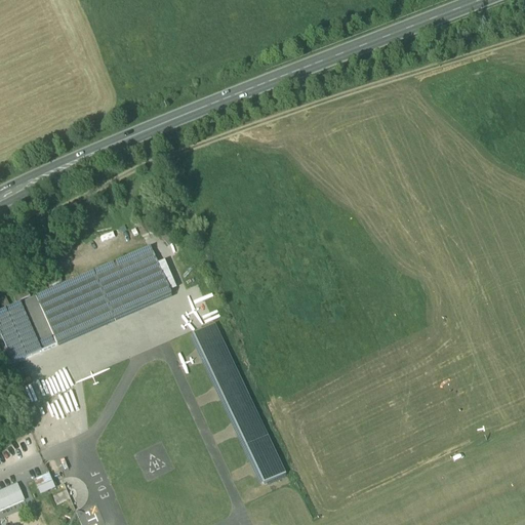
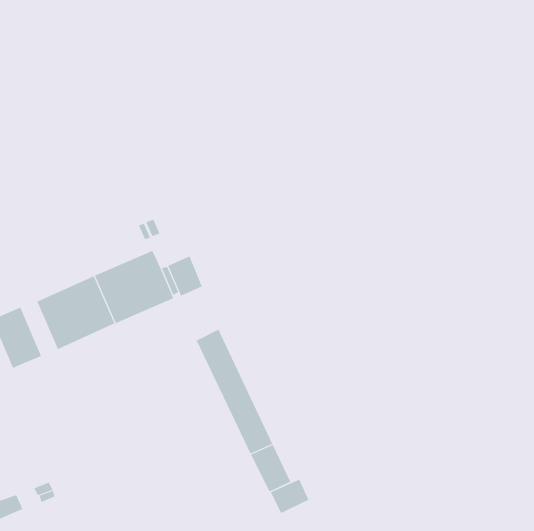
building: none -> [167,255,203,296]
building: [21,294,56,349] -> none
building: none -> [270,479,309,514]

